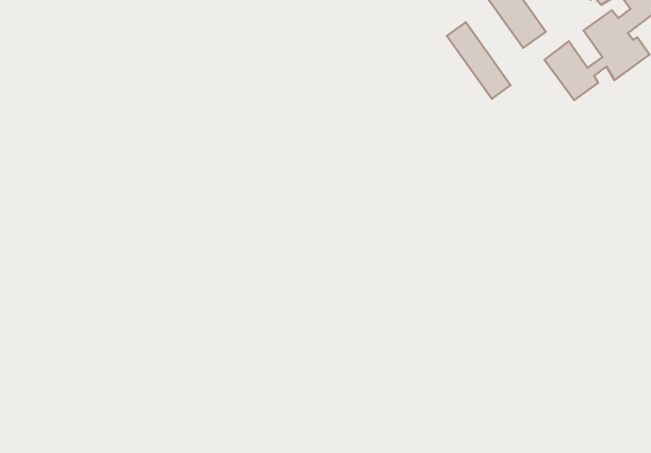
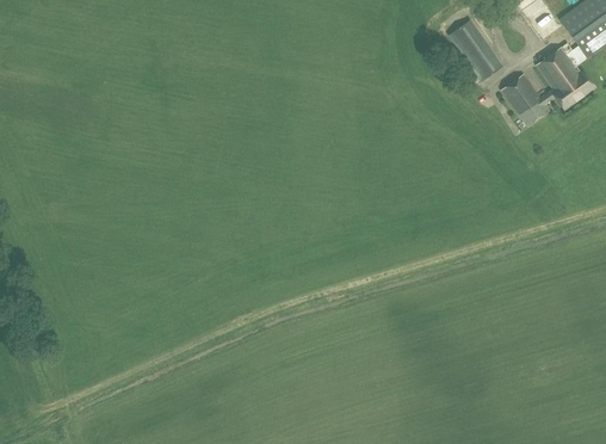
building: [447,22,511,99] -> none

